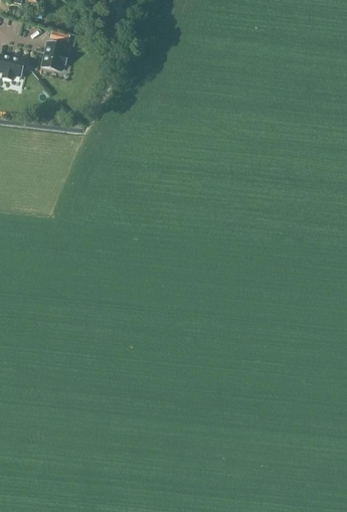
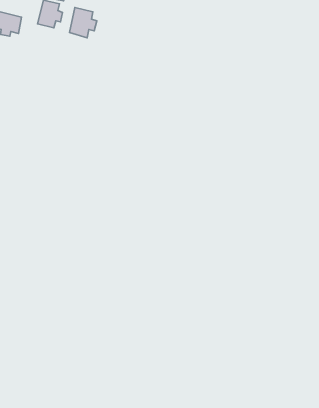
building: none -> [70,8,97,38]

